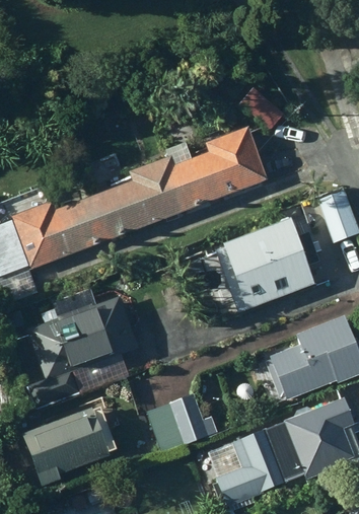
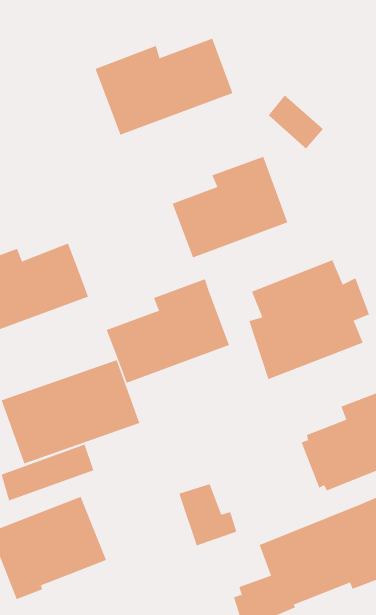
building: none -> [95,38,233,135]
building: [80,161,178,244] -> [106,279,230,383]

